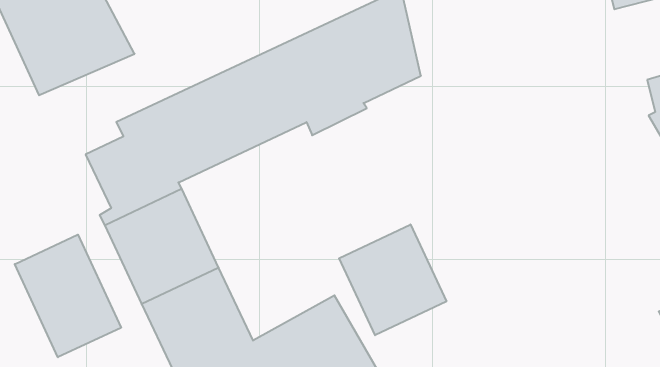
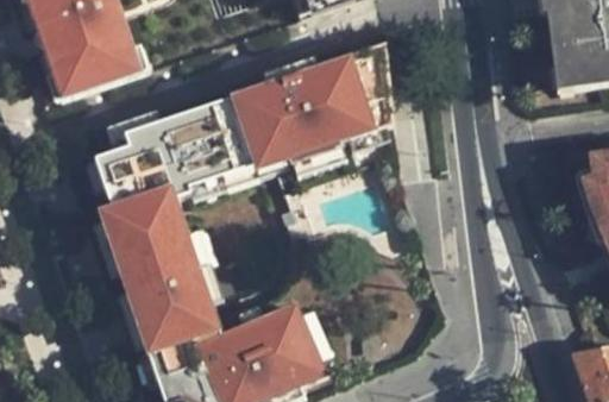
building: [339,224,446,335] -> none
building: [15,235,121,357] -> none

